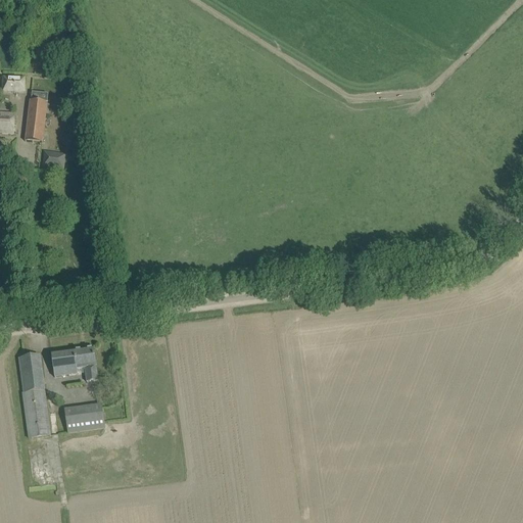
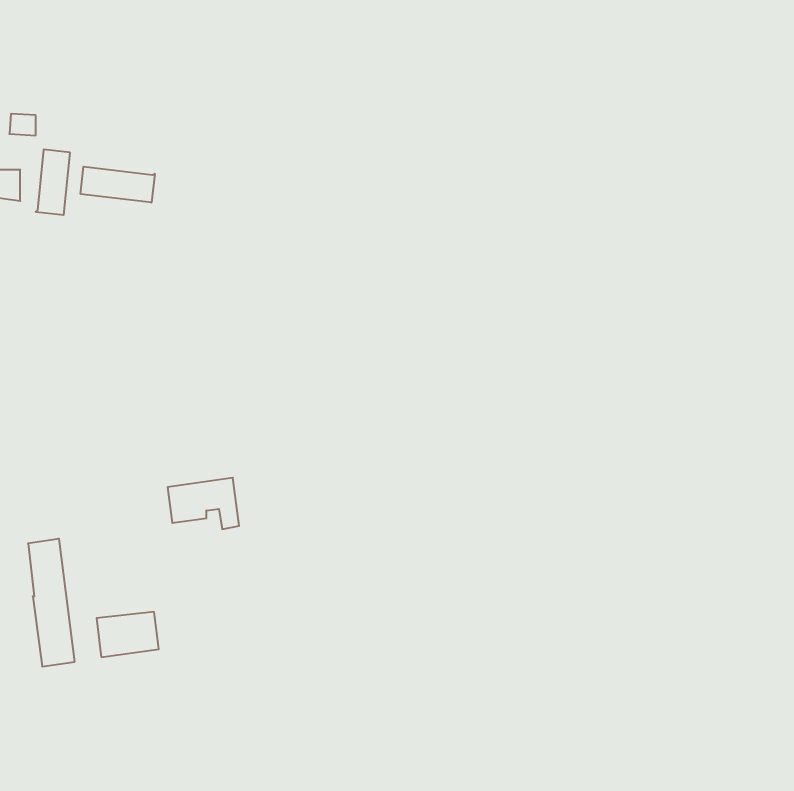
building: none -> [81,167,155,203]
building: [50,345,97,379] -> [168,478,239,529]

